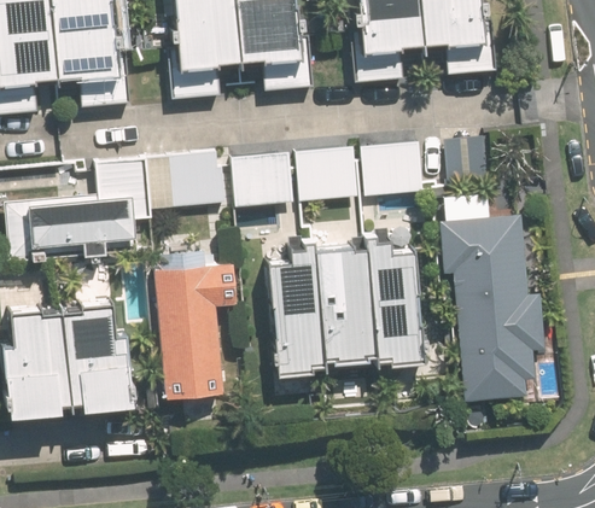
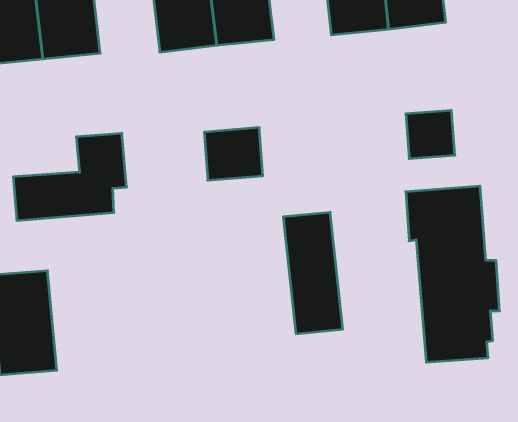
building: [358,142,420,198] -> none
building: [293,147,355,202] -> none
building: [167,151,223,210] -> none
building: [362,238,425,366] -> none
building: [263,247,326,376] -> none
building: [154,261,235,397] -> none
building: [64,299,133,409] -> none

